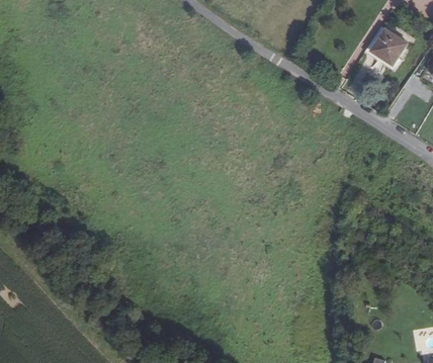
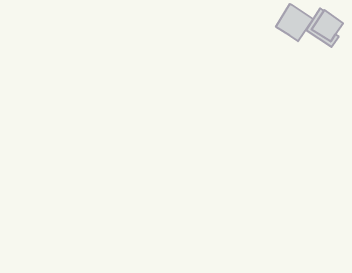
building: none -> [276,4,313,41]

